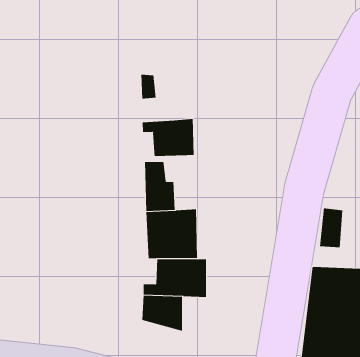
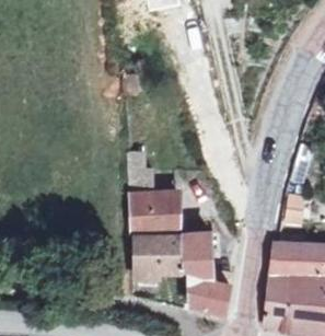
building: [142,118,194,157] -> none
building: none -> [183,235,231,313]

